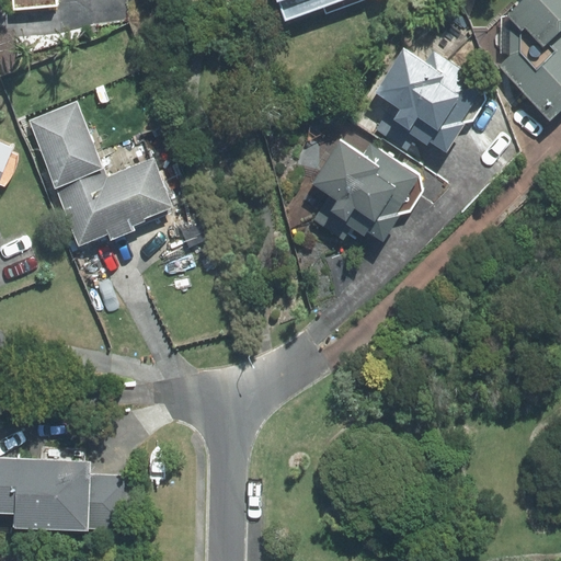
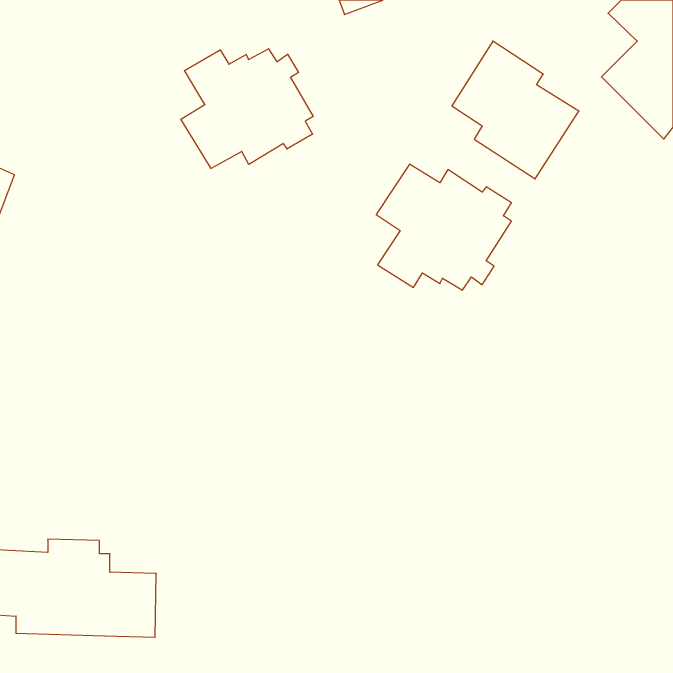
building: none -> [181,49,313,168]
building: [27,101,175,247] -> none

